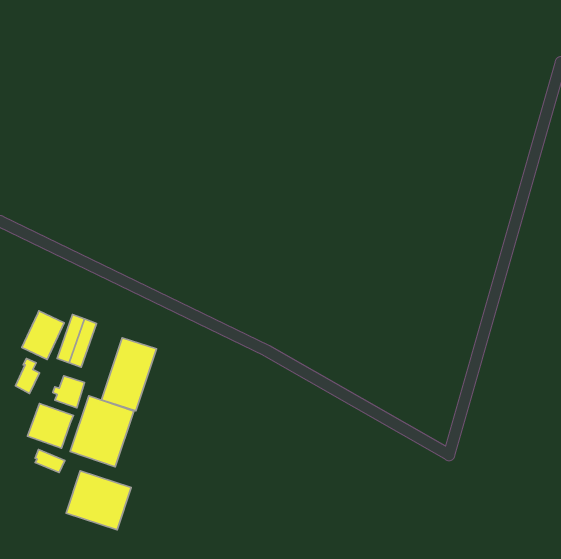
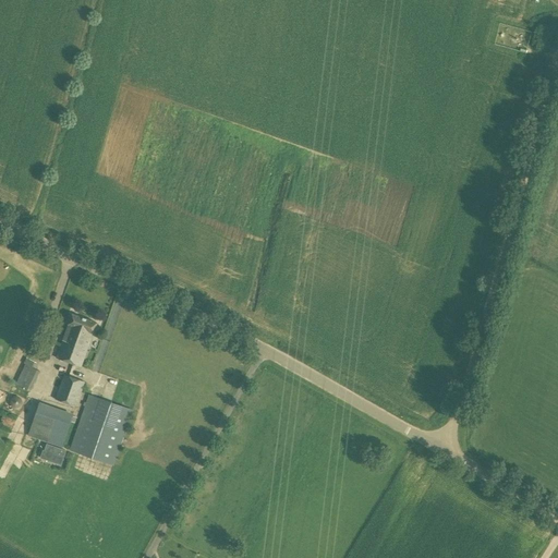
building: [22,311,64,359] -> none
building: [101,338,156,411] -> none
building: [66,471,131,530] -> none

